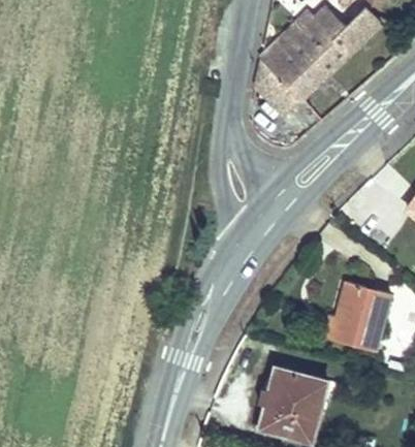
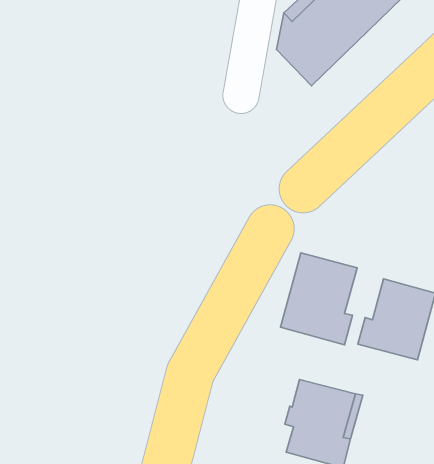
building: none -> [281,253,357,345]

